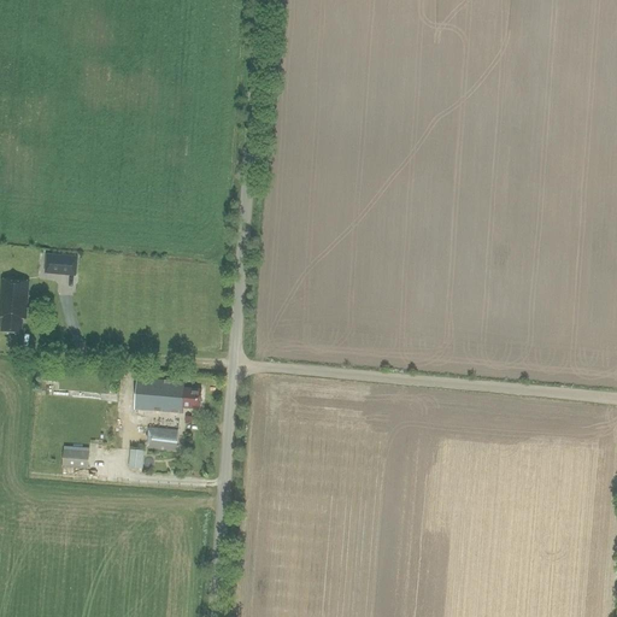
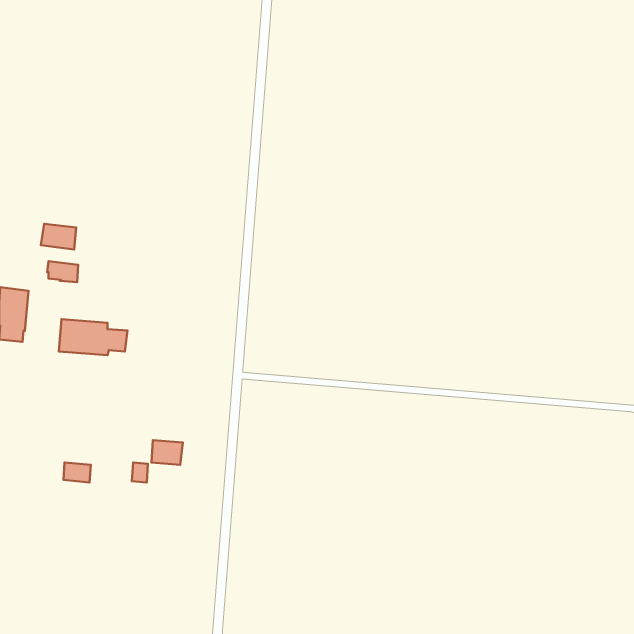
building: none -> [41,224,76,249]
building: [134,377,200,412] -> [59,319,127,355]

